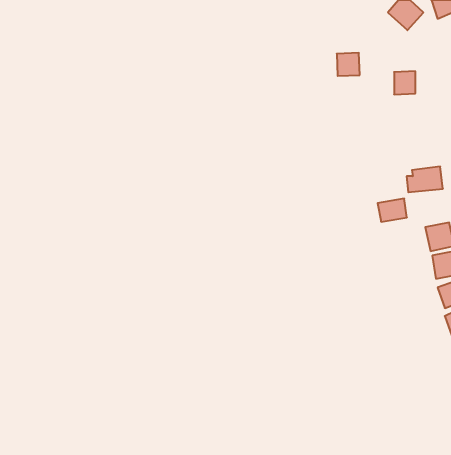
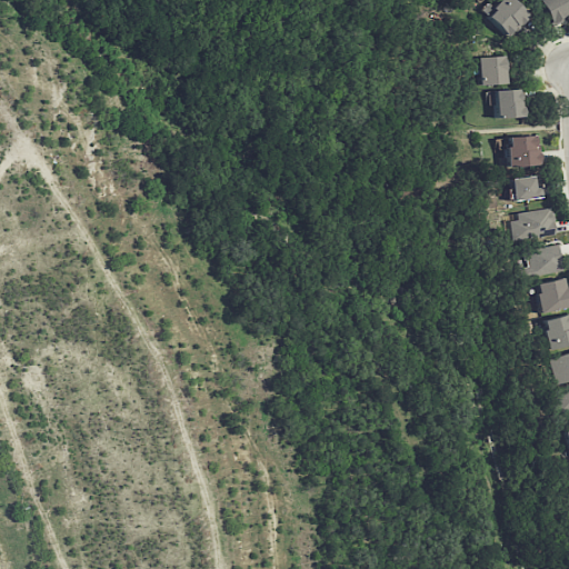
building: [337,53,360,76] -> [479,56,508,84]
building: none -> [508,134,541,167]
building: none -> [512,176,543,200]
building: [378,199,407,222] -> [527,244,563,273]

